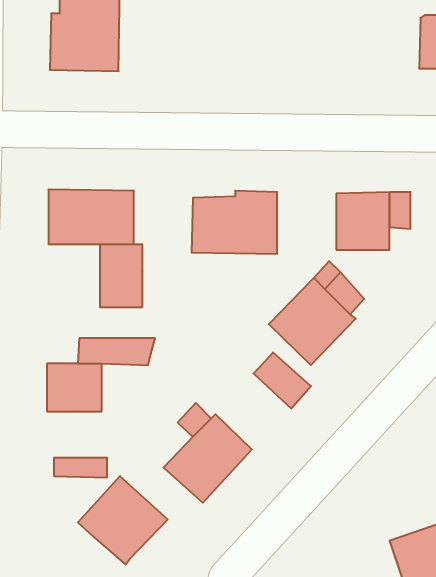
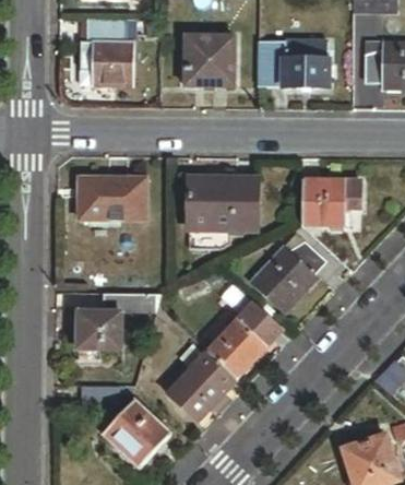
building: none -> [184,35,234,86]
building: none -> [259,40,333,86]
building: [100,244,142,307] -> none
building: none -> [207,320,266,379]

